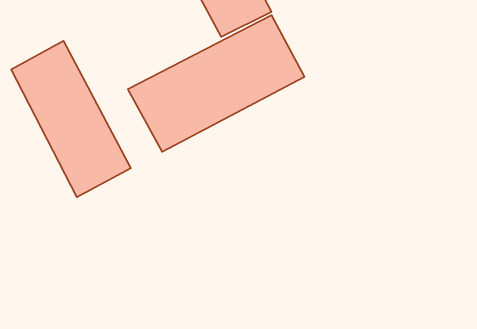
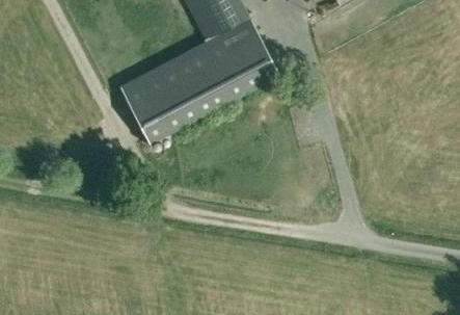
building: [11,41,131,197] -> none

